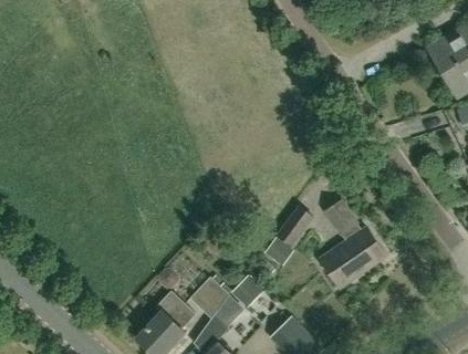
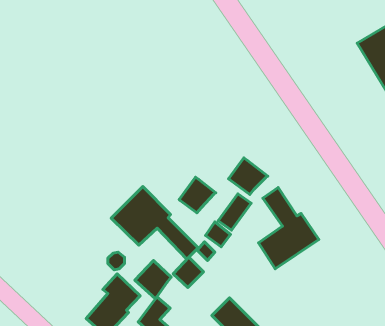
building: none -> [228,158,268,194]
building: none -> [179,177,216,213]
building: none -> [111,187,198,259]

